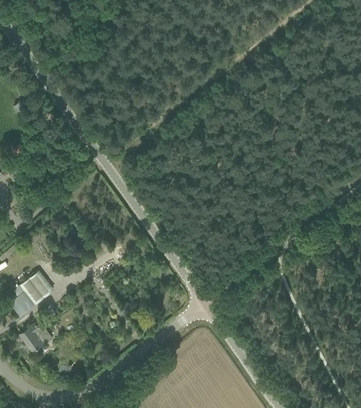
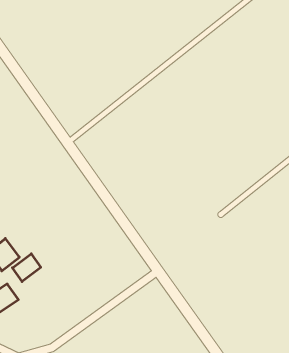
building: none -> [12,254,41,282]

